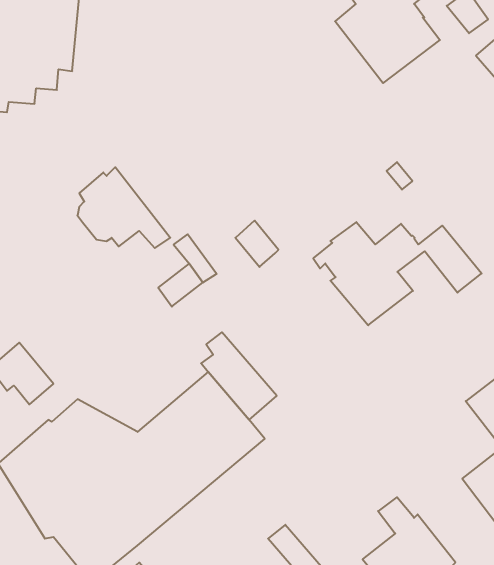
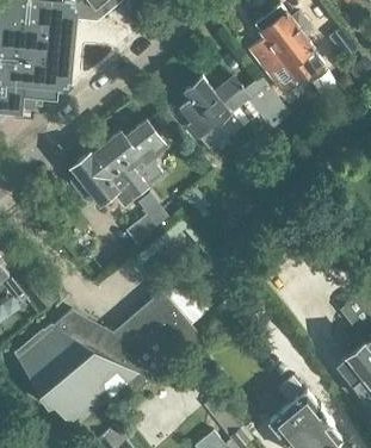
building: none -> [97,120,165,199]
building: [313,222,482,325] -> [171,79,287,150]

